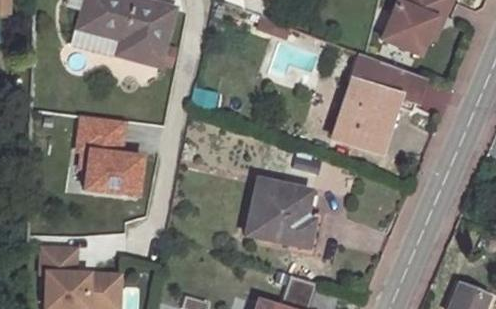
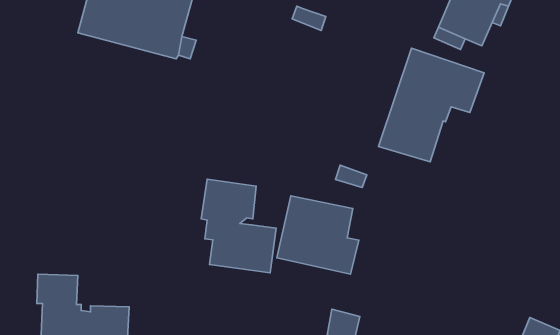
building: [76,115,140,195] -> [201,179,276,273]

